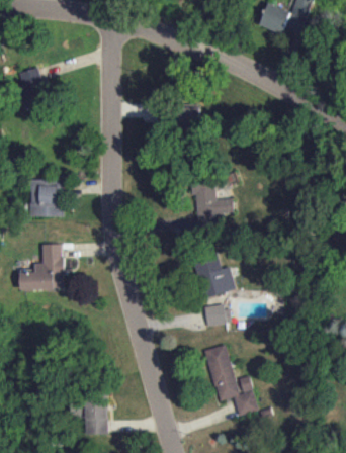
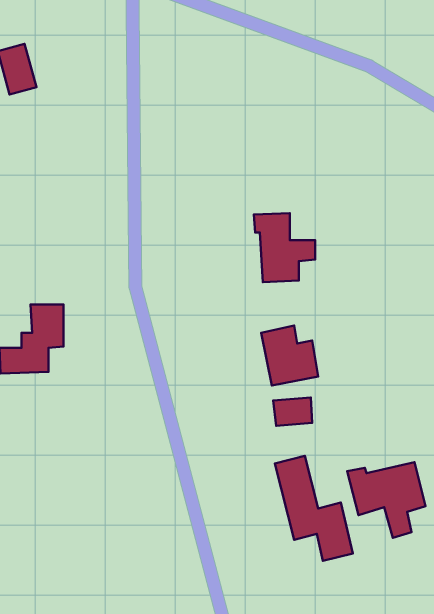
building: [30,178,65,217] -> none
building: none -> [347,462,426,538]
building: [84,393,107,434] -> none

